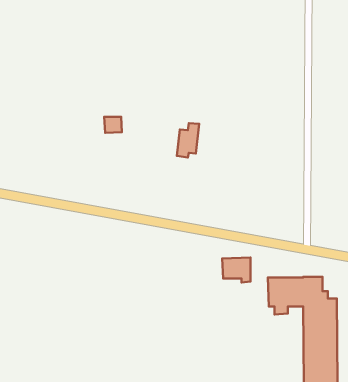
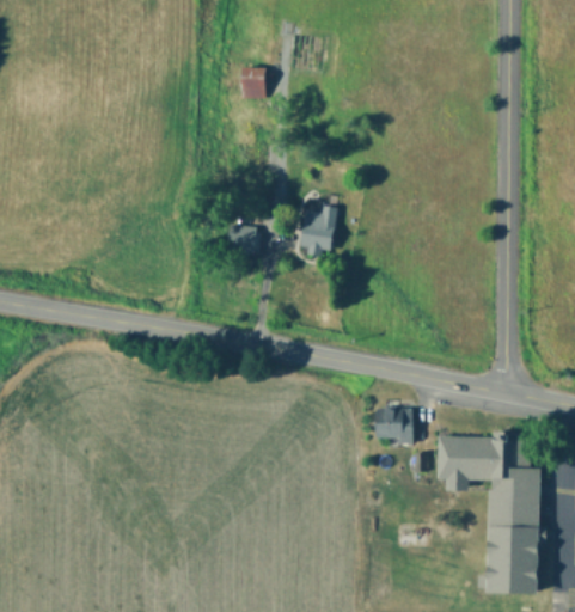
building: none -> [237,67,265,98]
building: [104,117,122,133] -> [227,226,253,250]

